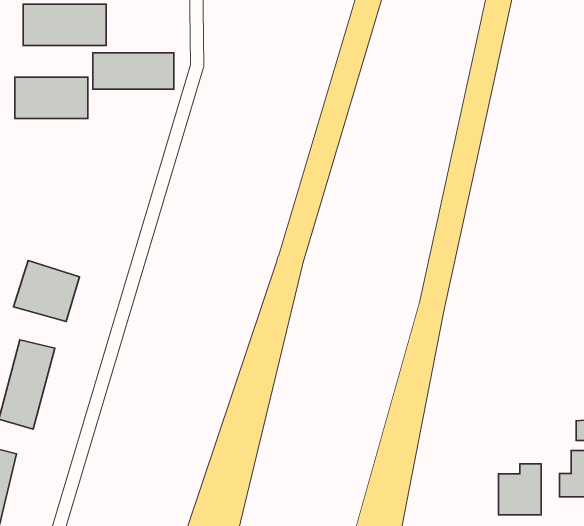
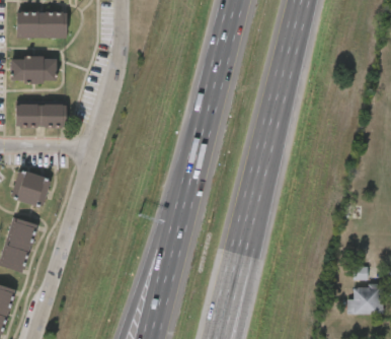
building: [93,53,174,89] -> [16,104,66,126]
building: [499,464,541,515] -> none

